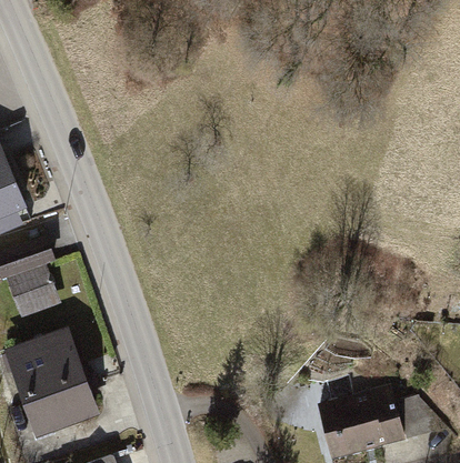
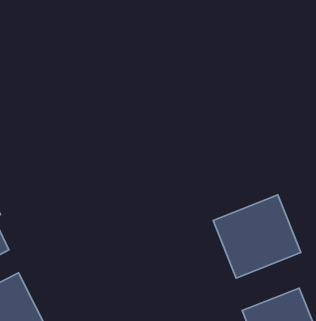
building: none -> [213,195,301,278]

